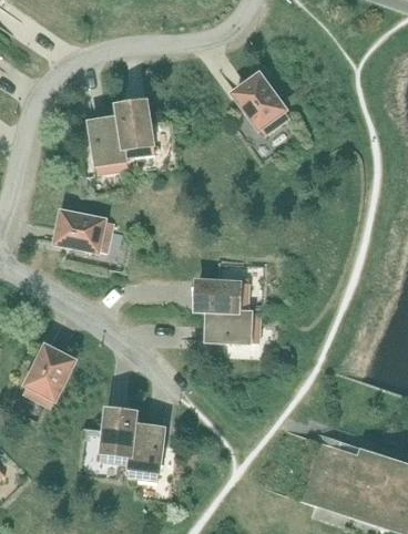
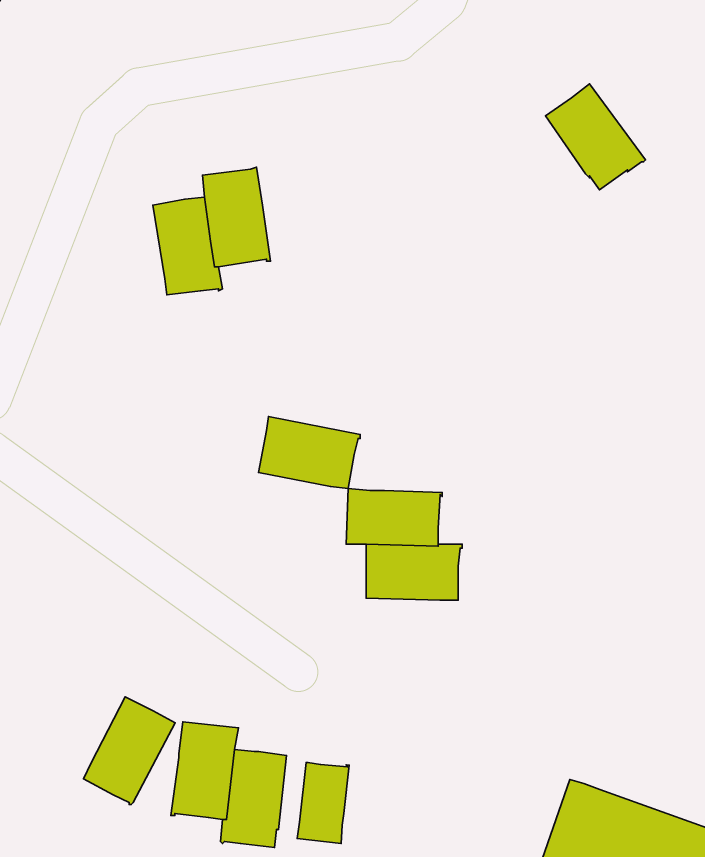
building: [233,74,288,133] -> [546,84,645,190]
building: [55,210,112,250] -> [259,417,360,488]
building: [21,346,72,405] -> [83,697,175,805]
building: none -> [297,762,349,843]

